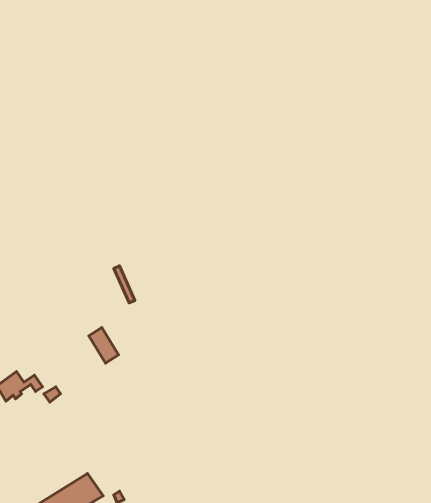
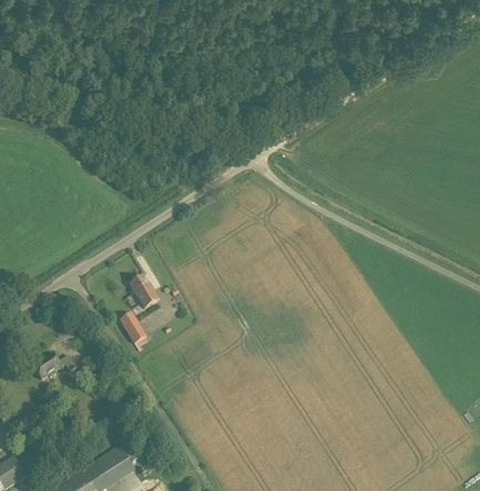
building: none -> [129,276,159,307]

